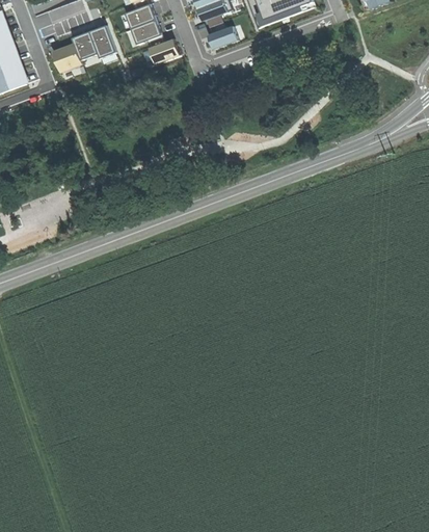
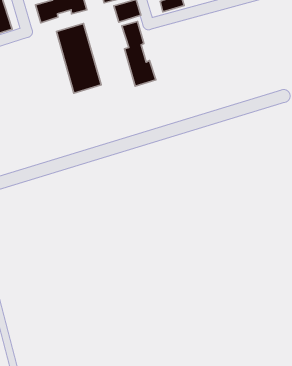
building: none -> [122,22,156,86]
building: none -> [57,23,101,93]

